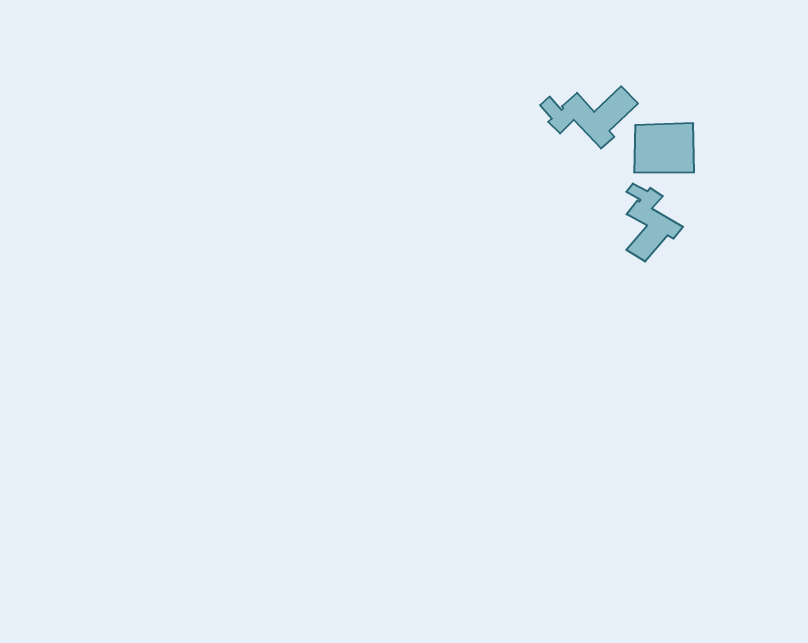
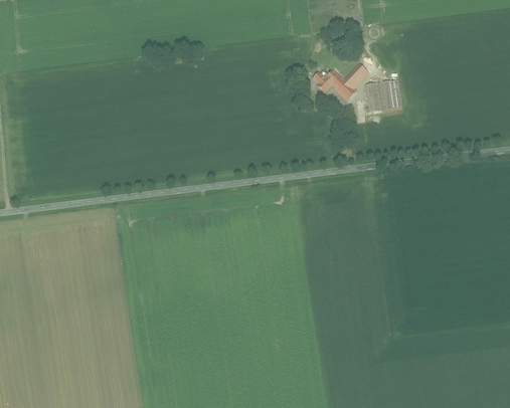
building: [626,183,683,262] -> none

